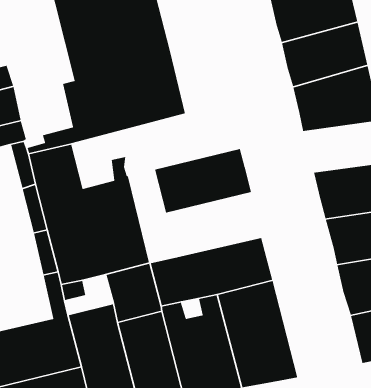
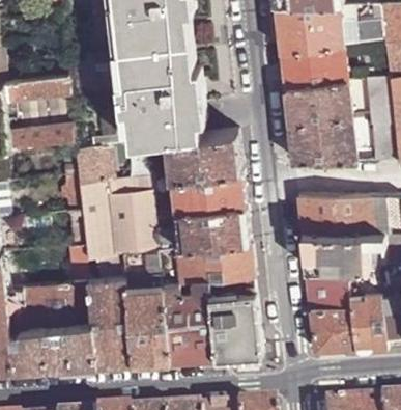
building: none -> [169,129,242,173]
building: none -> [176,202,250,245]

